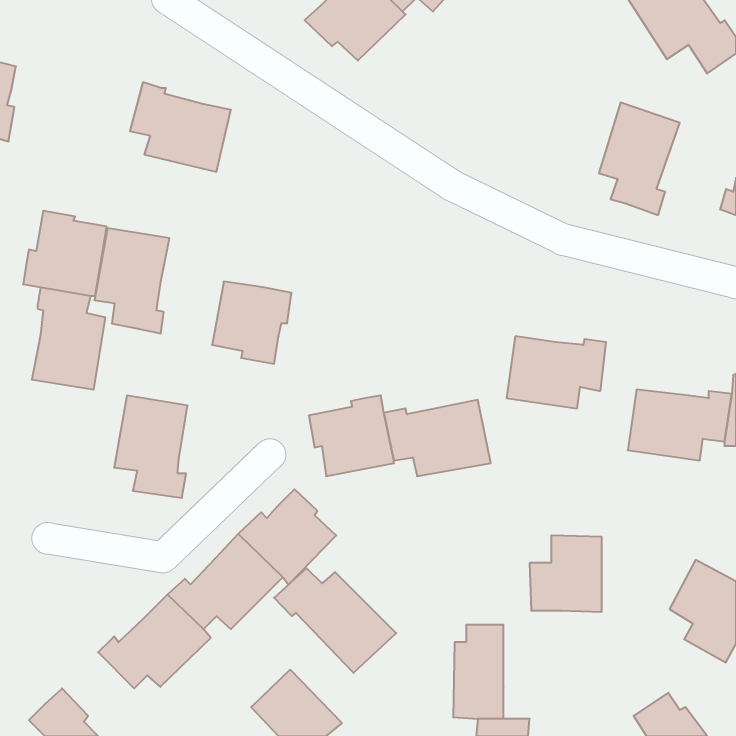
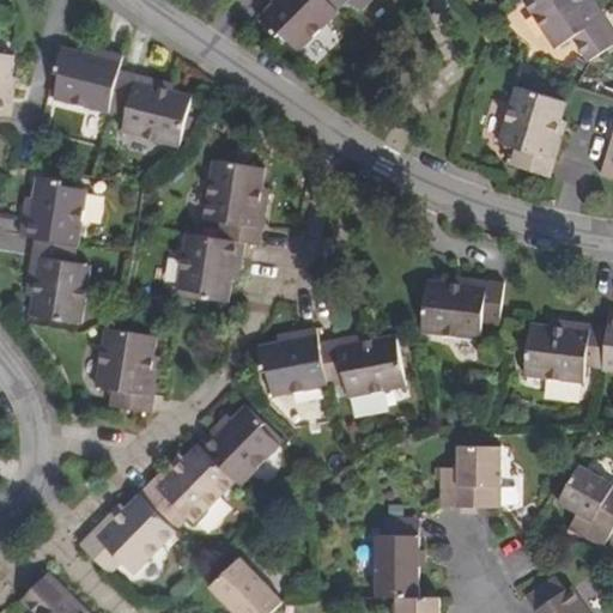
building: none -> [53,47,121,111]
building: [94,228,169,334] -> [204,159,266,247]
building: [274,568,396,673] -> none

